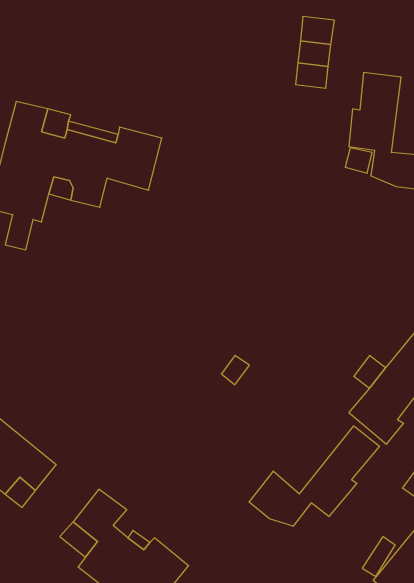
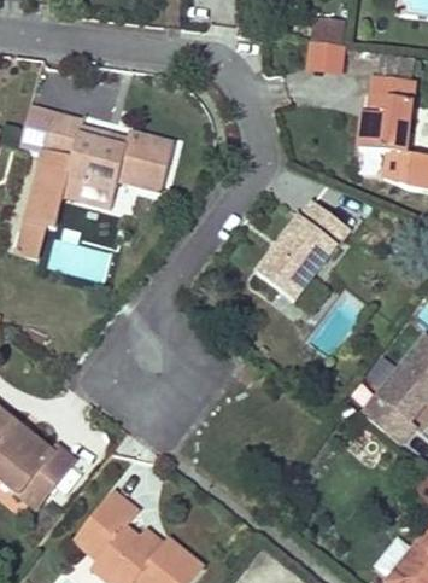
building: none -> [257,200,348,299]
building: [249,426,380,526] -> none

